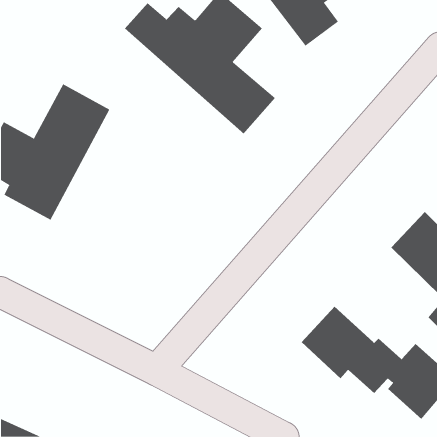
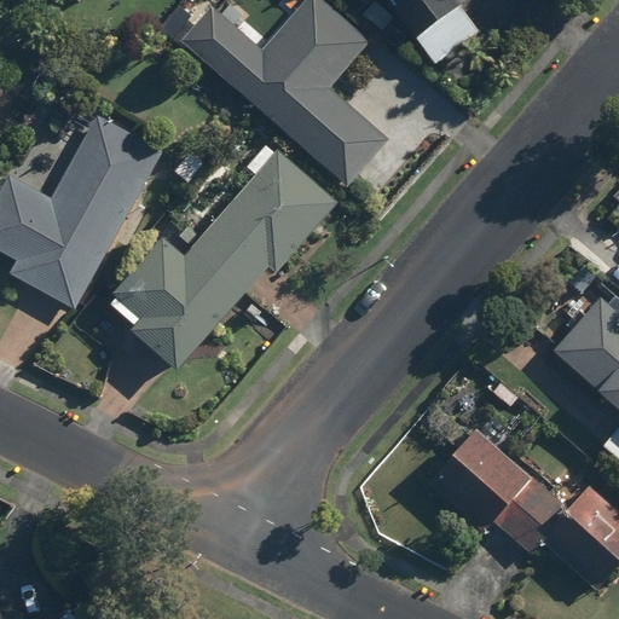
building: none -> [103,138,339,371]

